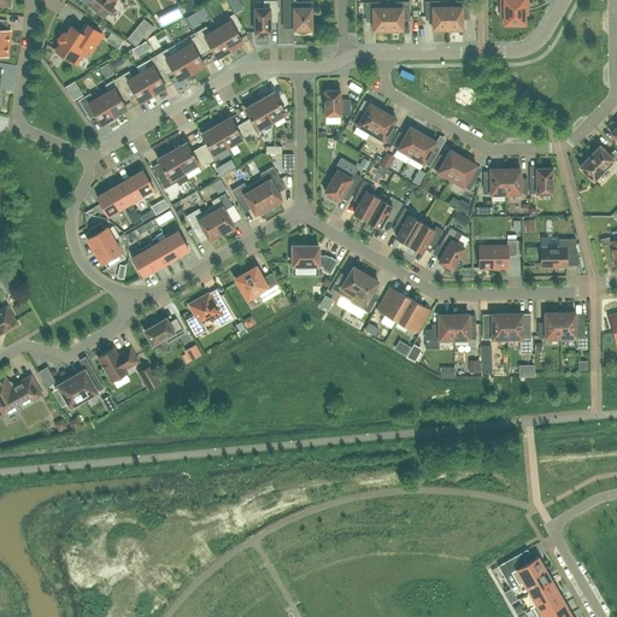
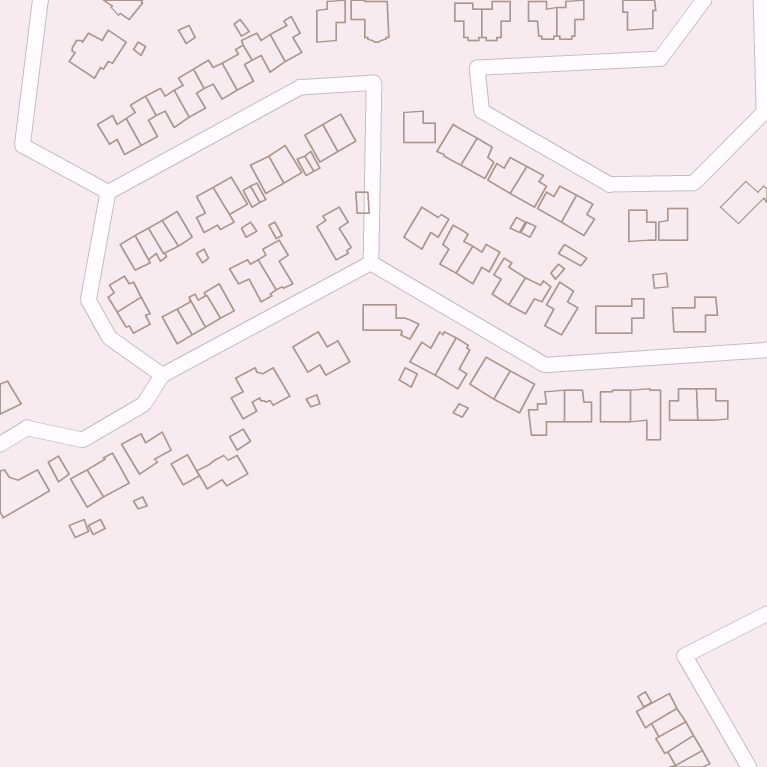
building: [483,169,505,194] -> none
building: [231,182,270,215] -> none
building: [143,318,184,345] -> [197,456,248,489]

